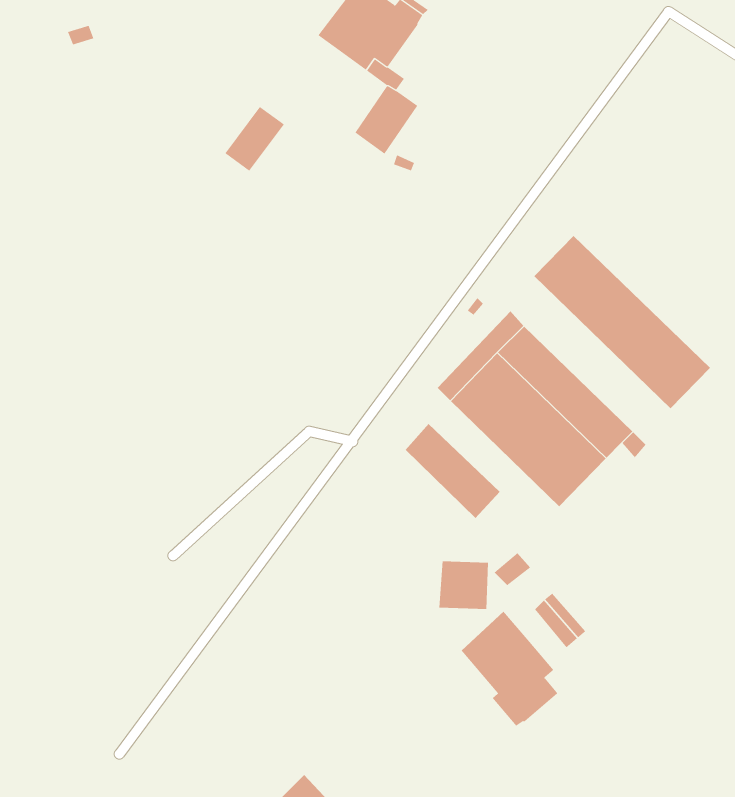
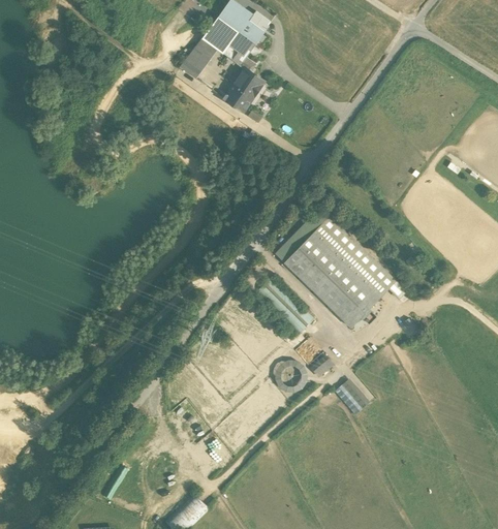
building: [224,106,285,172] -> [180,38,217,79]
building: [533,235,711,409] -> none
building: [461,611,558,726] -> none

